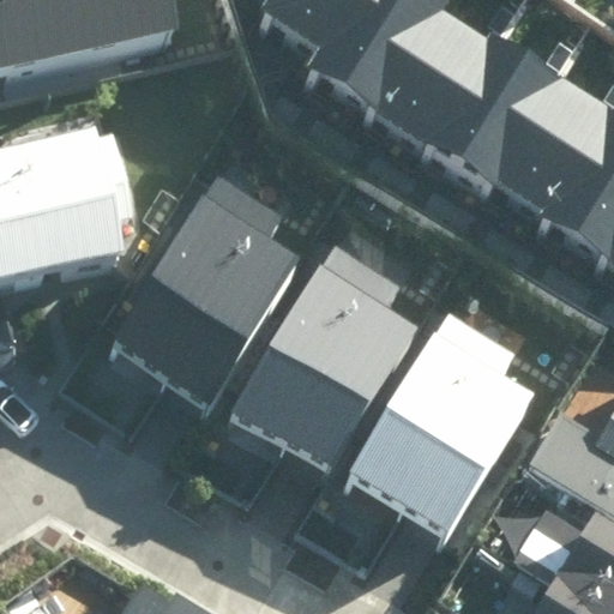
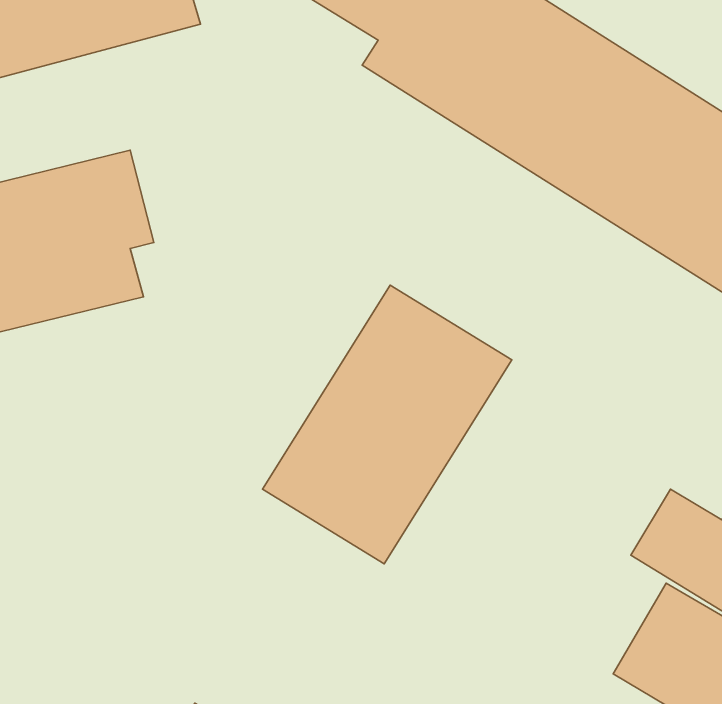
building: [109,171,296,405] -> none
building: [347,306,550,538] -> none

